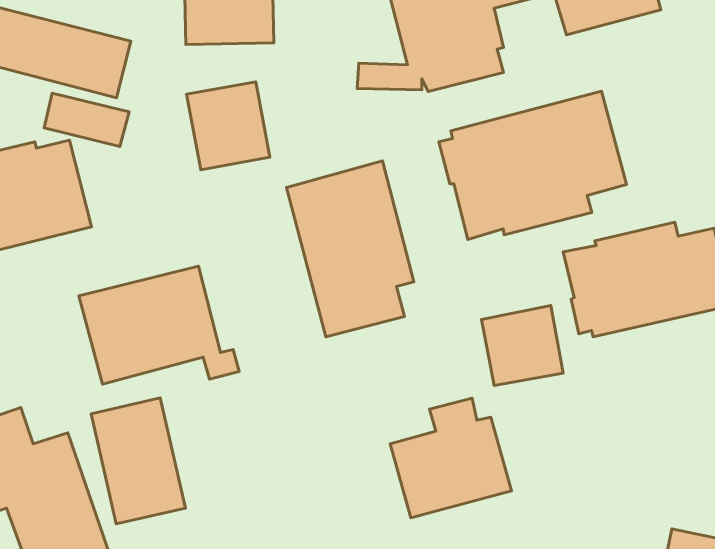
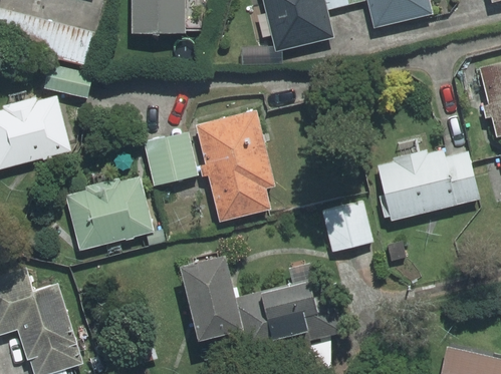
building: [187,82,270,170] -> [143,132,196,189]
building: [439,91,626,240] -> none
building: [91,398,185,524] -> [187,258,247,338]

